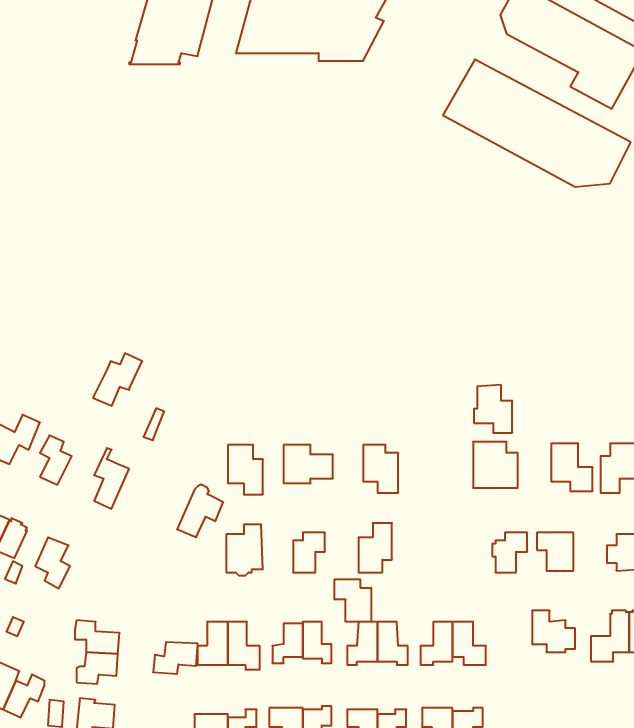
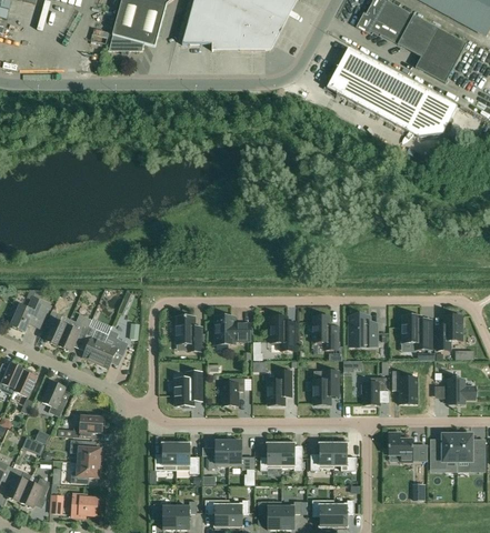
building: [93,353,142,406] -> [58,313,92,350]
building: [474,385,512,433] -> [311,315,338,349]
building: [177,485,223,537] -> [96,330,128,366]
building: none -> [313,371,338,405]
building: [335,579,371,622] -> none
building: [153,642,198,674] -> [72,415,103,438]

